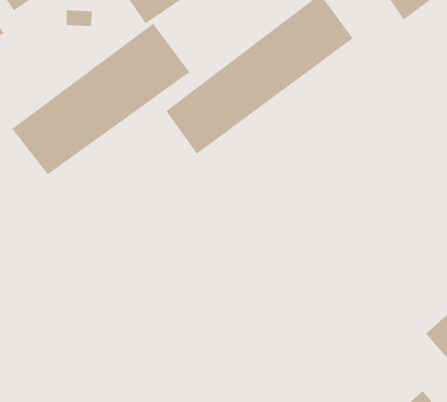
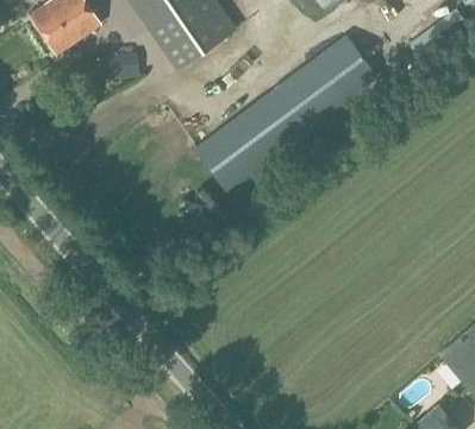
building: [12,23,190,175] -> none

